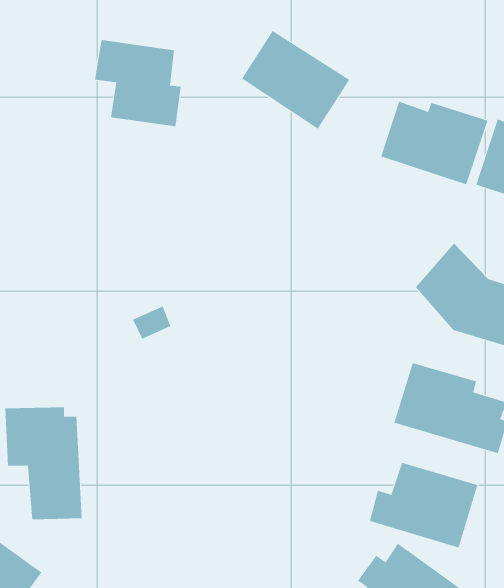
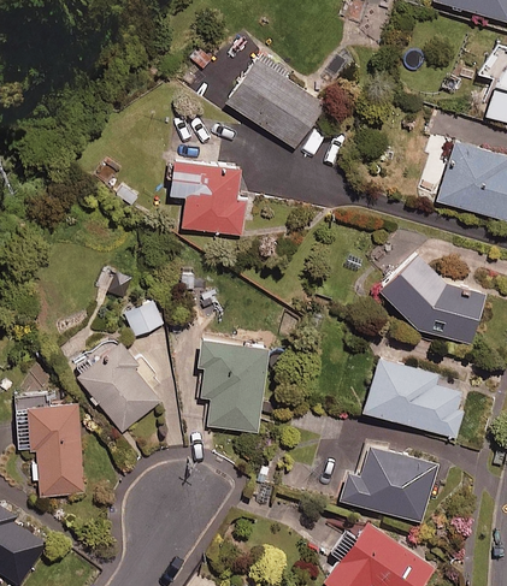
building: [94,39,182,127] -> [167,159,246,237]
building: [381,101,488,185] -> none
building: none -> [59,328,160,433]
building: none -> [198,339,265,431]

